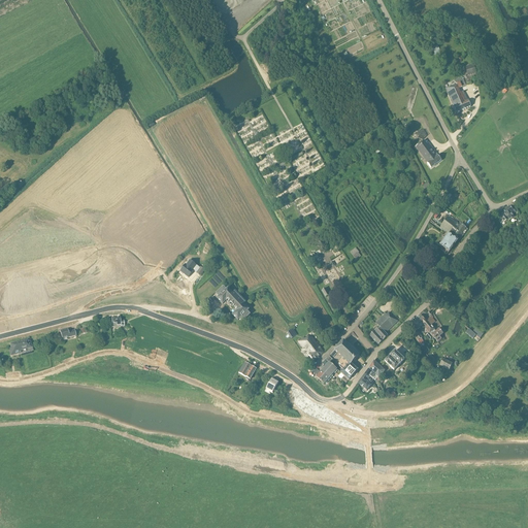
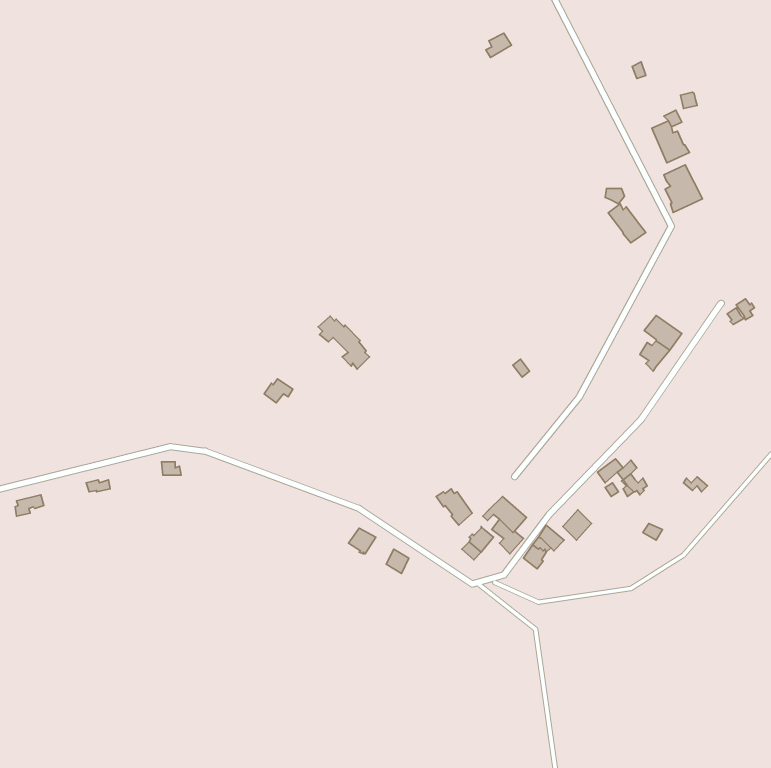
building: none -> [664,165,702,212]
building: [216,285,251,321] -> [318,316,369,369]
building: [369,310,398,343] -> none

